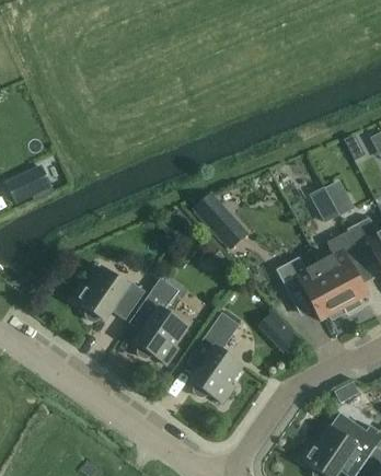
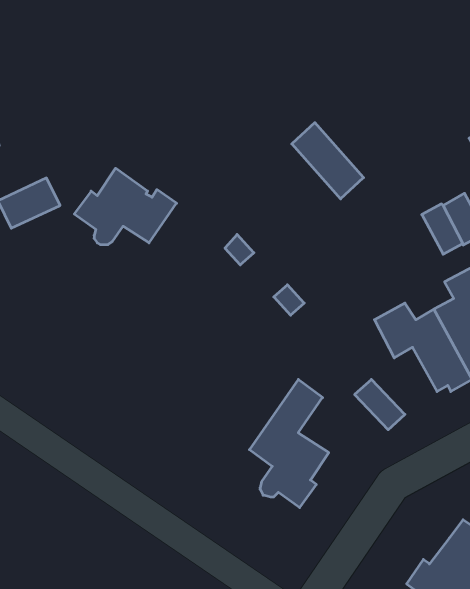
building: [196,191,247,246] -> [292,123,364,199]
building: [72,265,146,320] -> [74,168,177,245]
building: [129,277,188,364] -> none

